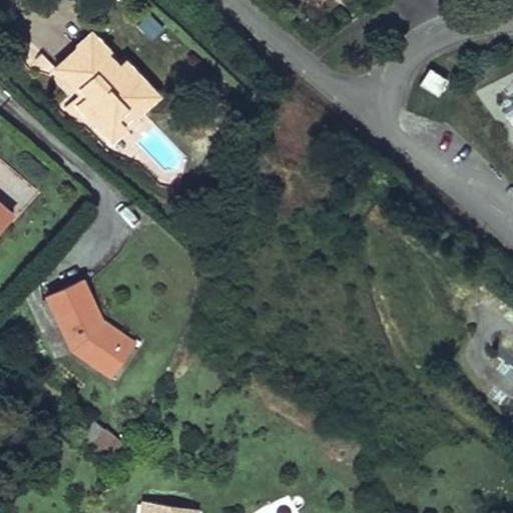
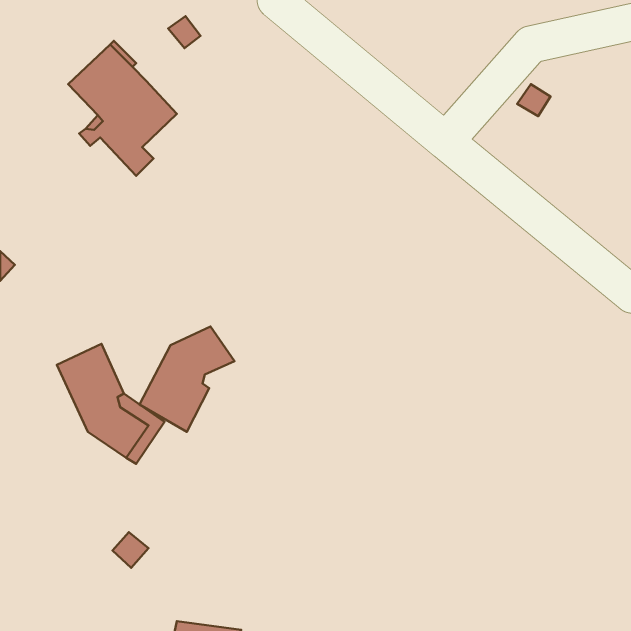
building: [116,61,158,129] -> none
building: none -> [139,327,234,432]

